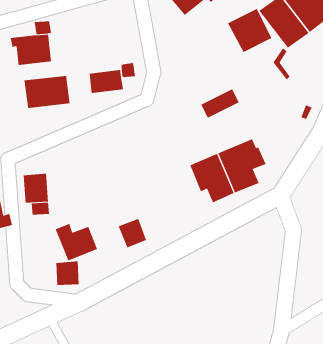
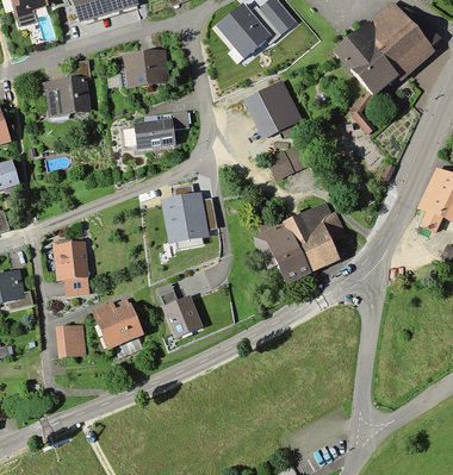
building: [227,8,272,53] -> [249,80,303,133]
building: none -> [123,50,165,82]
building: [24,75,70,109] -> none
building: none -> [166,190,210,237]
building: [55,261,79,286] -> [55,324,83,354]

